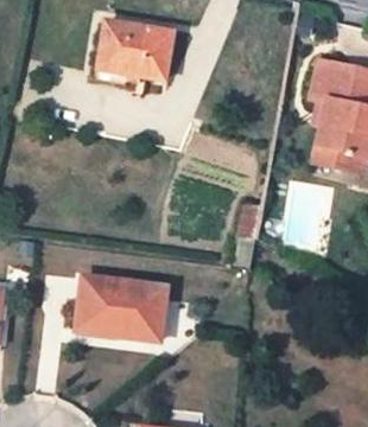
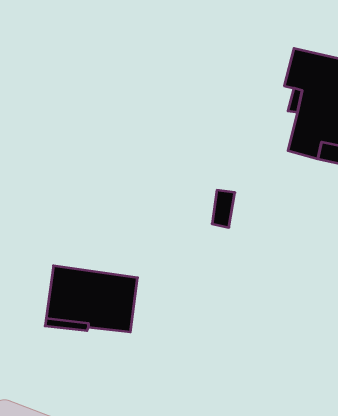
building: [96,20,171,83] -> none

